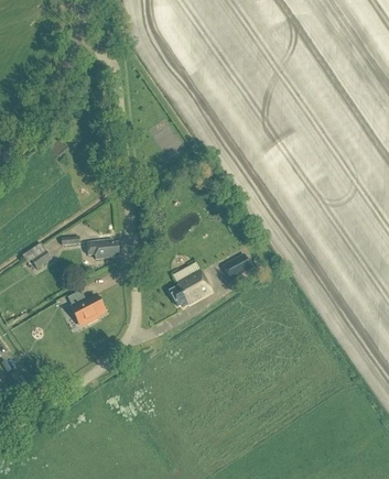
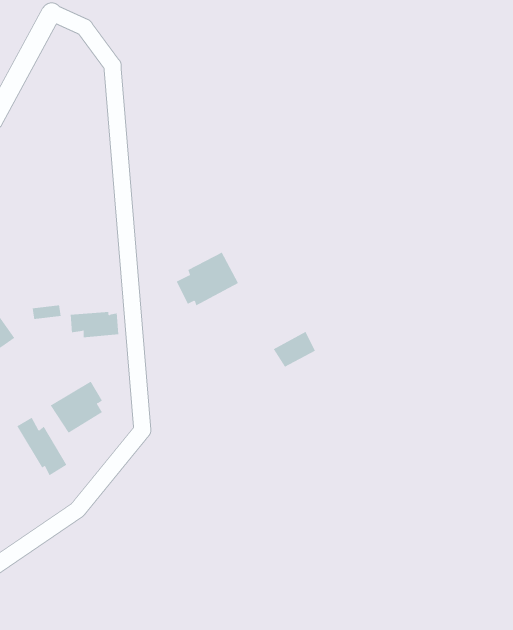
building: [169,271,210,307] -> [176,252,239,306]
building: none -> [16,417,67,476]

